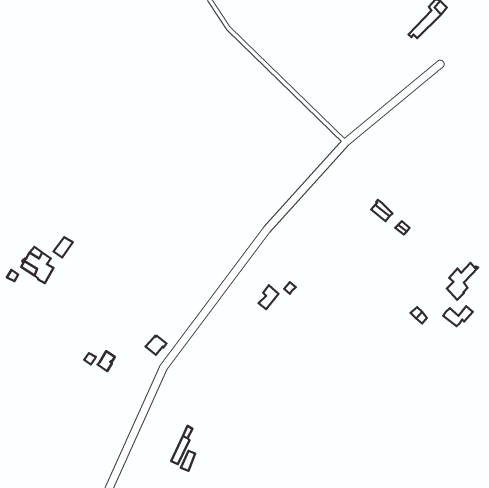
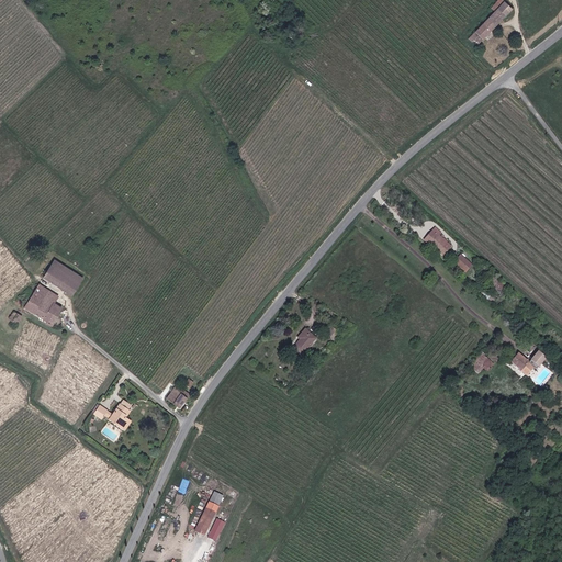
building: none -> [44,260,74,289]
building: [447,263,478,300] -> none

